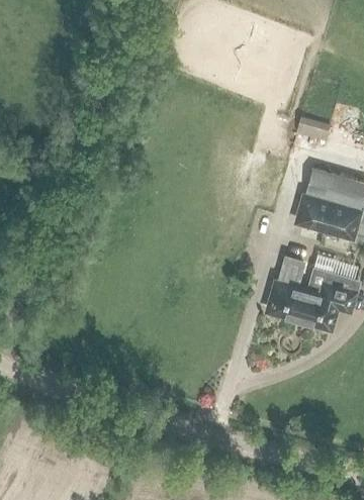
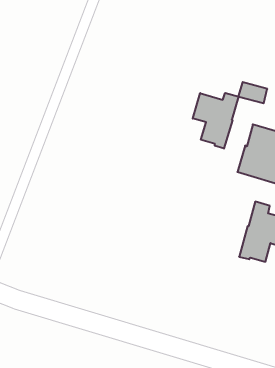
building: none -> [193,93,239,149]
building: [267,255,307,323] -> none

